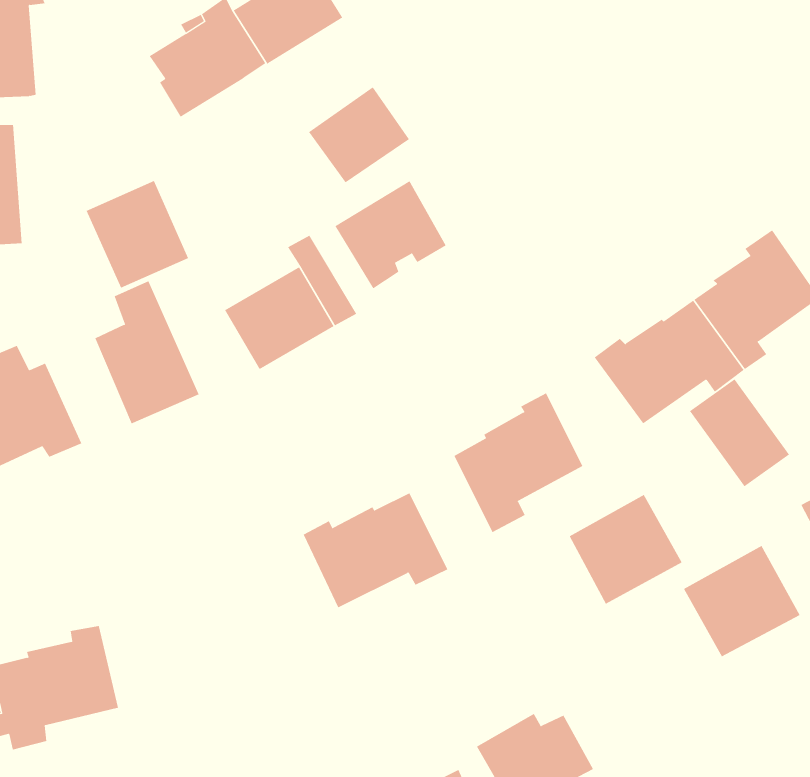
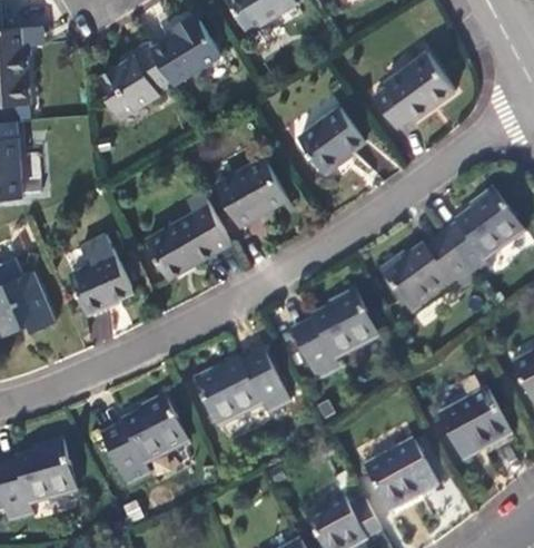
building: none -> [373,51,454,127]
building: [308,87,410,183] -> [298,108,363,169]
building: [86,180,189,288] -> none
building: [689,378,790,487] -> none
building: [569,494,683,605] -> [365,441,437,511]
building: none -> [101,397,188,485]

